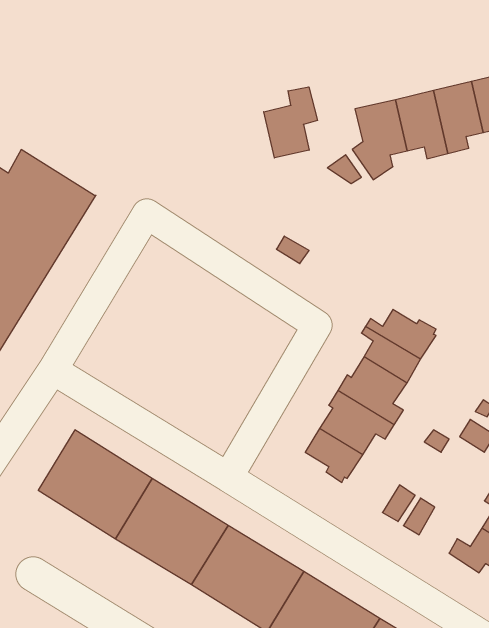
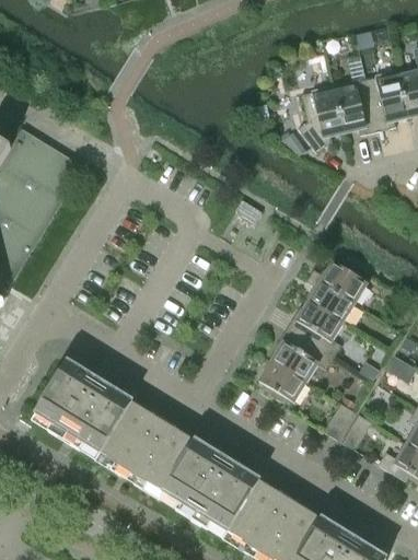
building: [264,87,317,158] -> none

